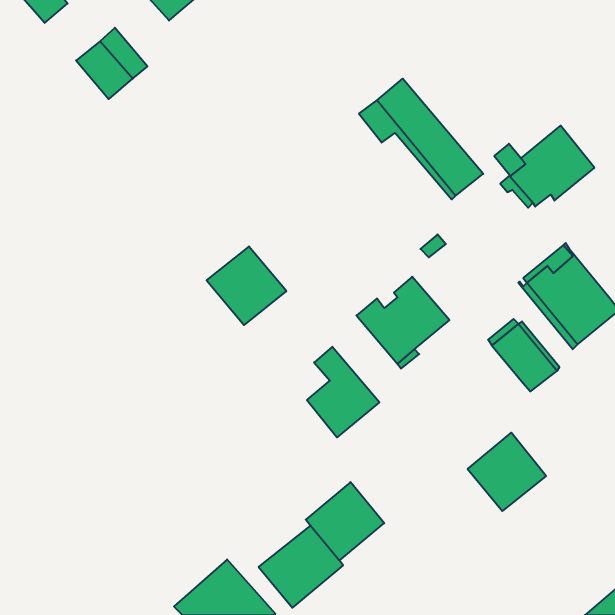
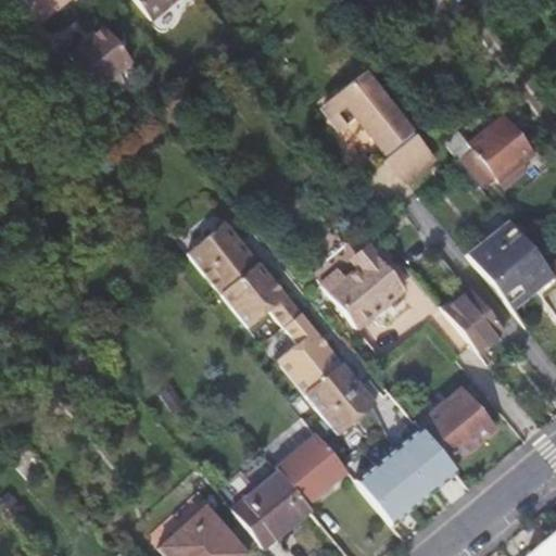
building: none -> [222,262,301,326]
building: none -> [305,362,377,434]
building: none -> [355,420,457,526]

